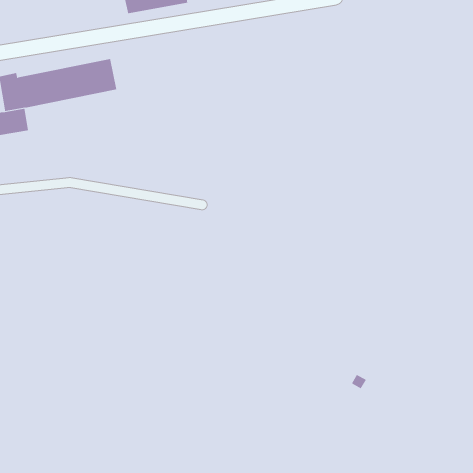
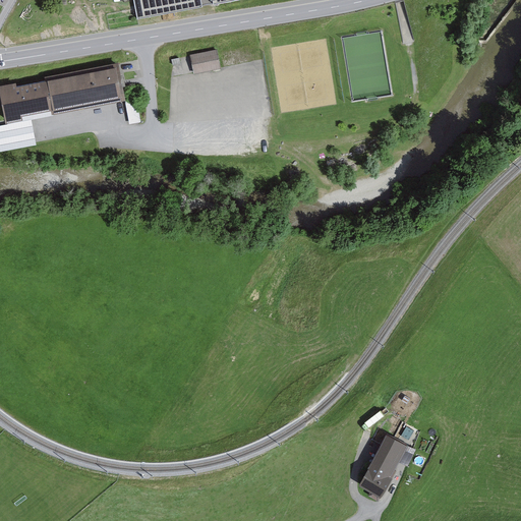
building: none -> [190,48,220,71]
building: none -> [353,428,413,495]

